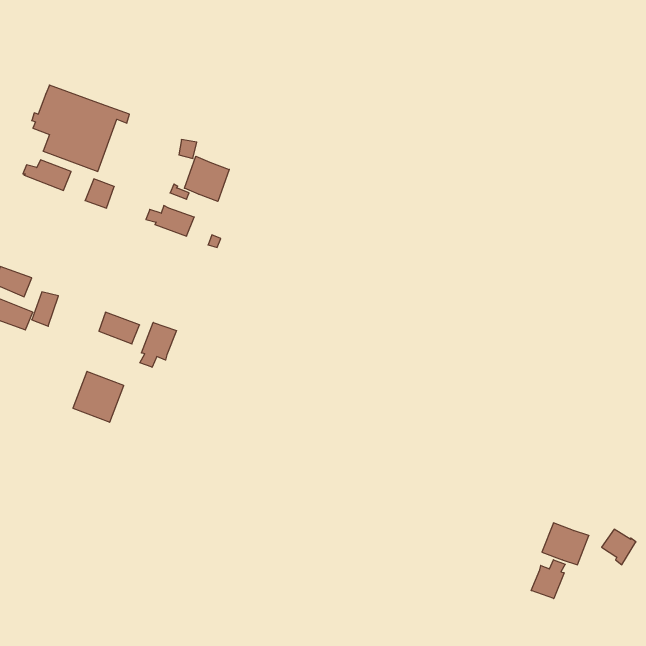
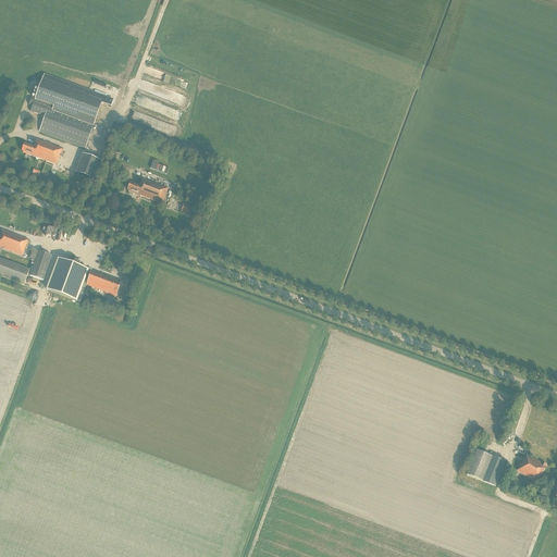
building: [184,156,229,201] -> none
building: [140,322,177,367] -> none
building: [73,371,124,422] -> [44,257,87,300]
building: [531,560,565,599] -> none

